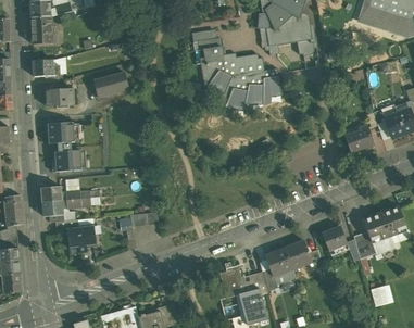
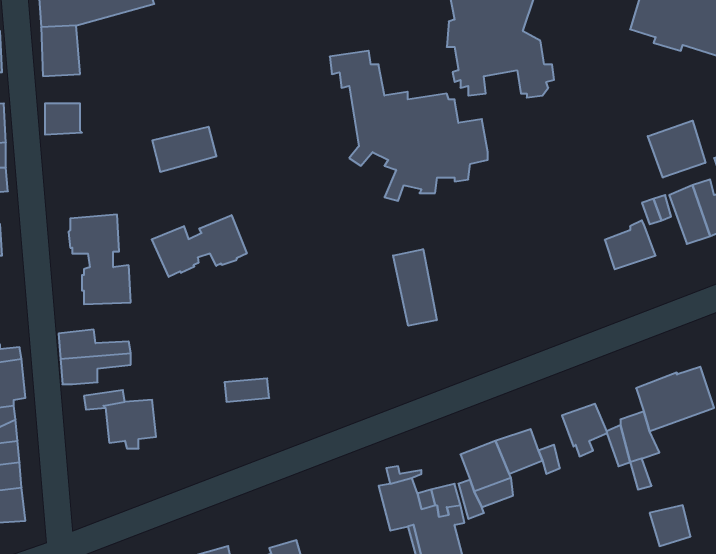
building: none -> [648,121,705,178]
building: [45,88,73,109] -> none
building: none -> [152,215,247,277]
building: none -> [393,249,437,326]

